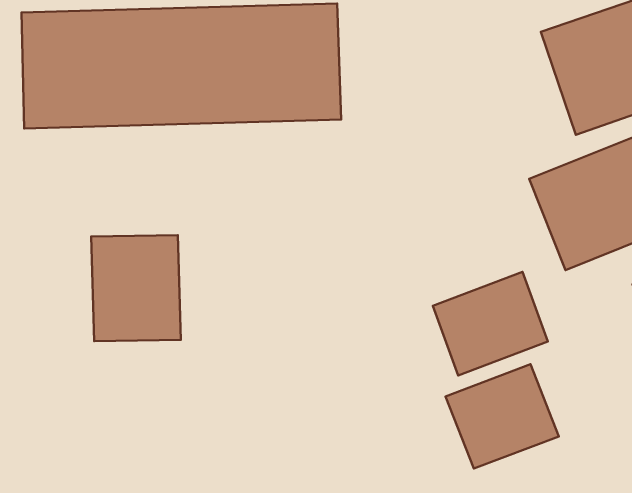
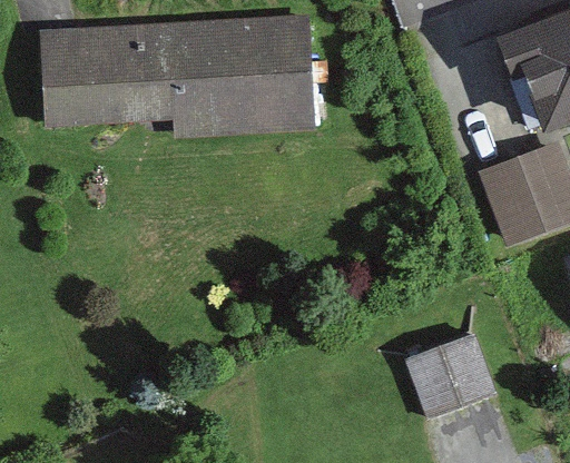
building: [91,235,181,341] -> none
building: [433,272,548,375] -> none

